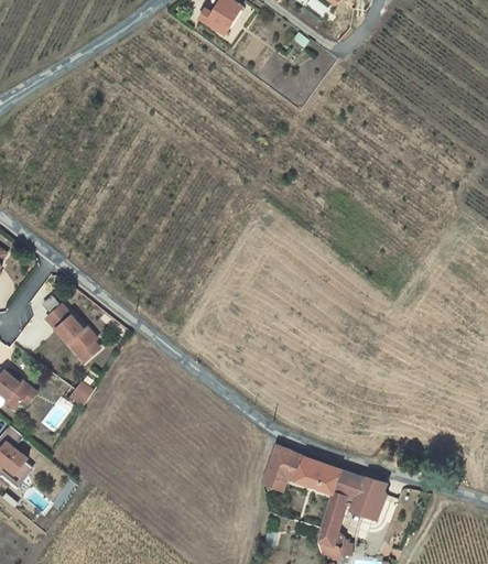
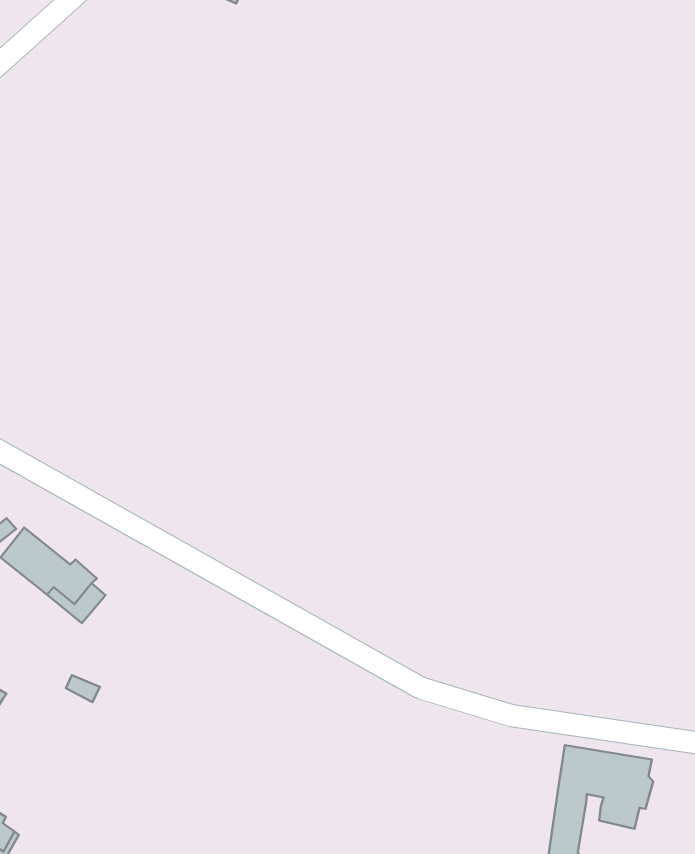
building: [263,447,338,494] -> none

